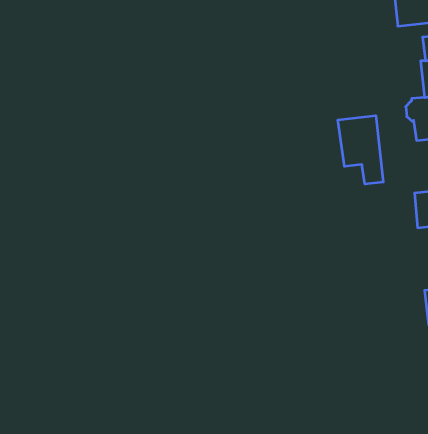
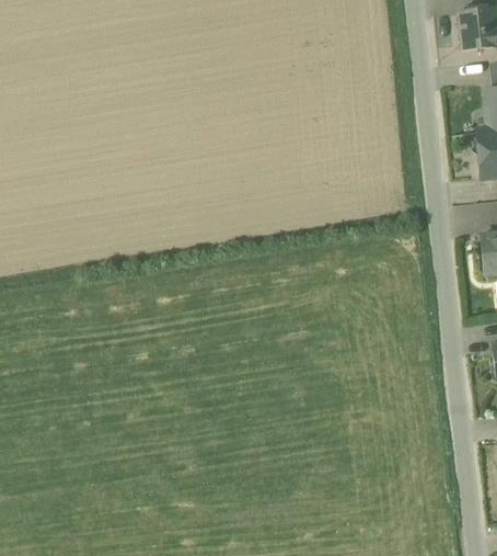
building: [338,116,383,184] -> none

